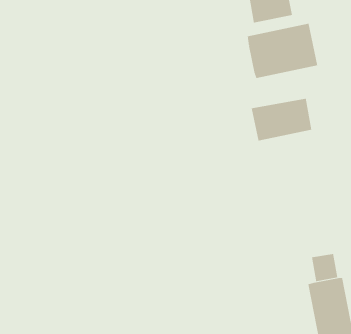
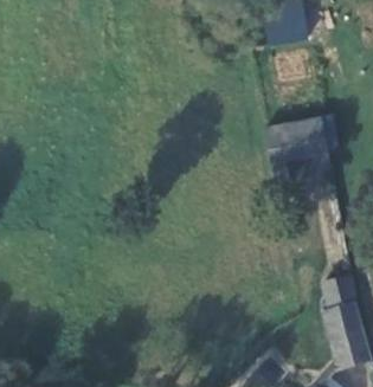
building: [247,23,318,79] -> none

